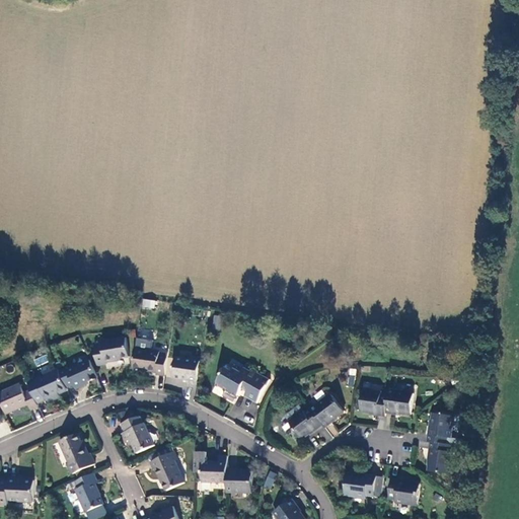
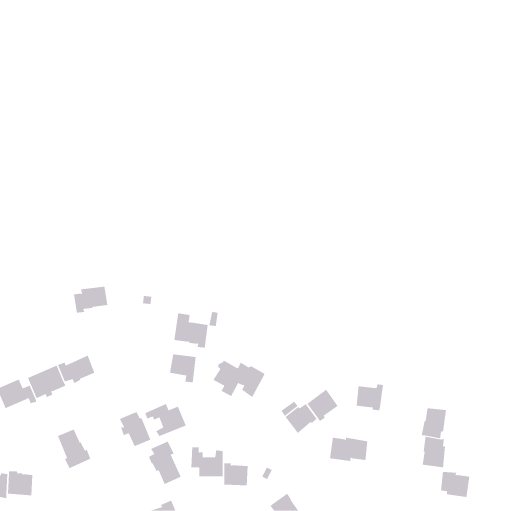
building: [93,338,129,365] -> [73,286,108,313]
building: [132,340,167,375] -> [173,313,208,348]
building: [385,389,413,414] -> none
building: none -> [145,403,186,437]
building: [344,472,383,497] -> [329,437,368,461]
building: [66,473,102,513] -> none
building: [388,477,419,504] -> [440,472,470,498]

